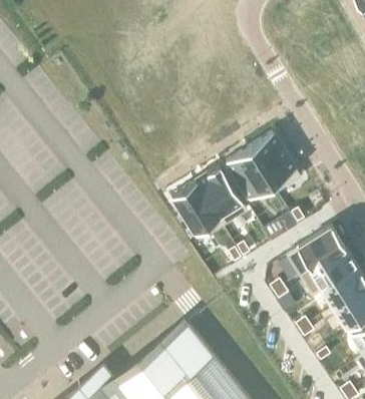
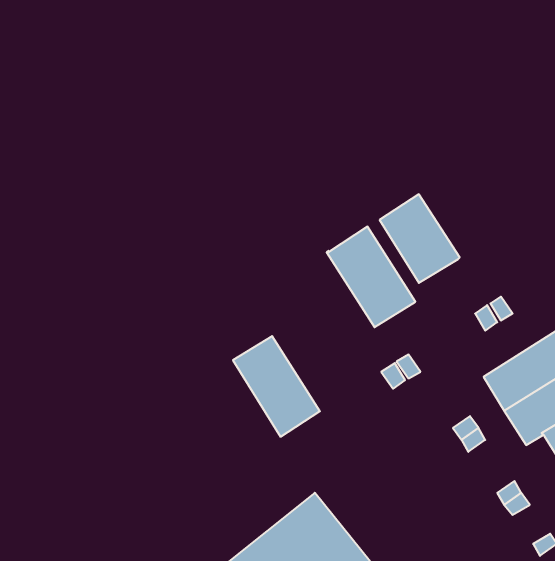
building: [249,130,300,190] -> none
building: [171,179,223,239] -> [233,336,320,437]

